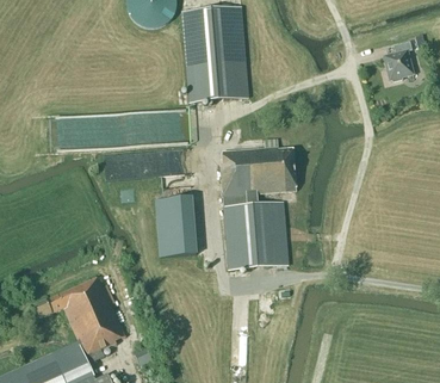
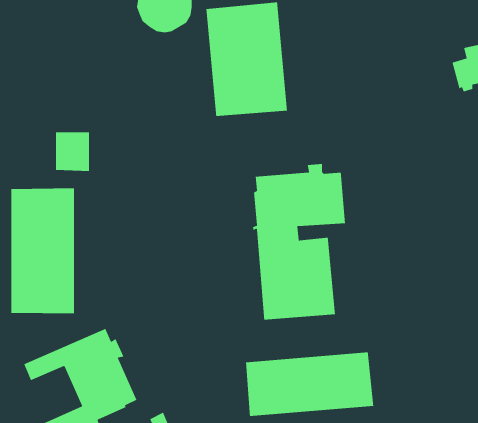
building: none -> [11,187,75,314]
building: [156,197,197,257] -> none
building: none -> [245,352,374,417]

